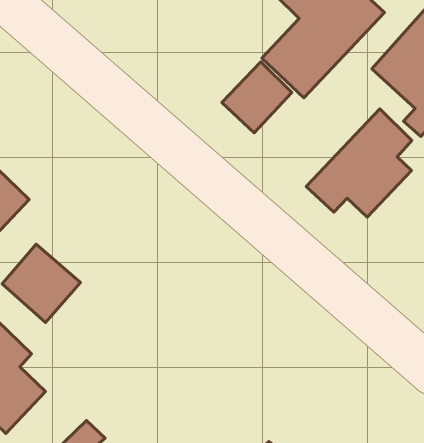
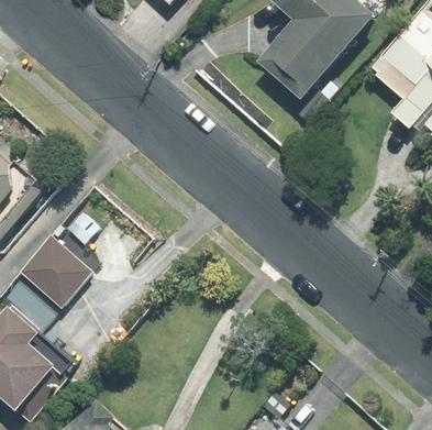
building: [222,62,292,133] -> none
building: [306,109,412,217] -> none

